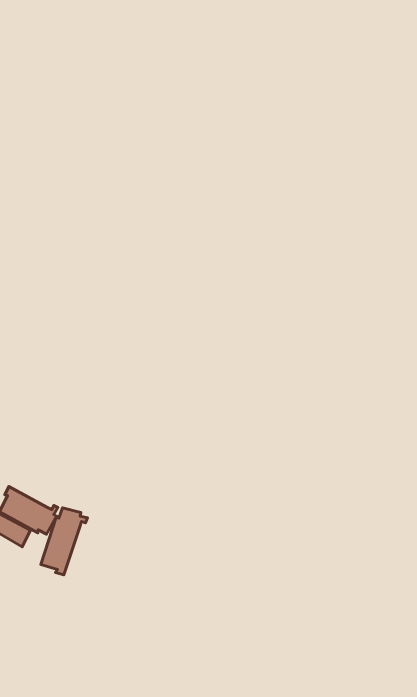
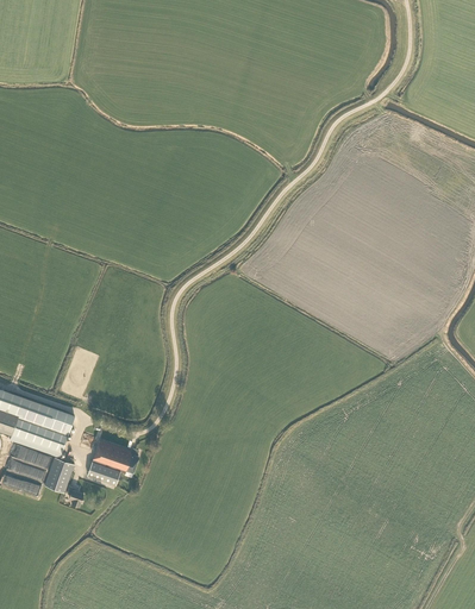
building: [41,508,87,575] -> none

